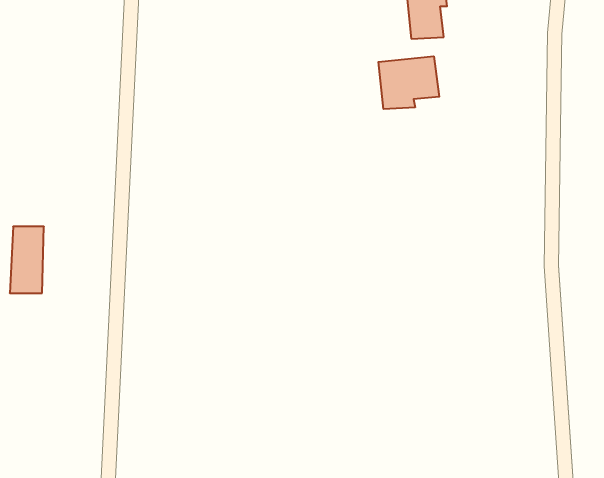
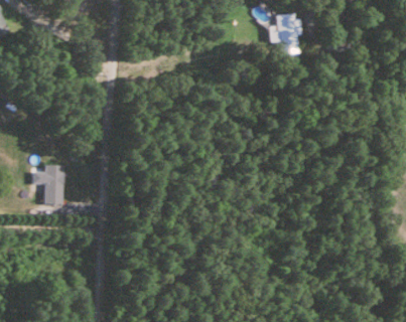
building: [378,56,439,109] -> none

